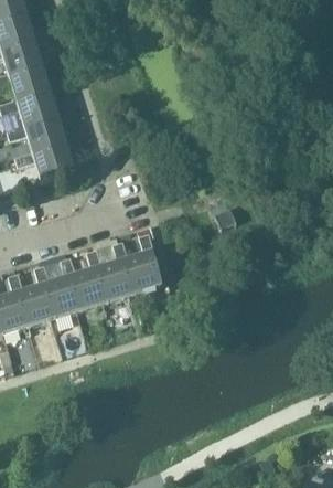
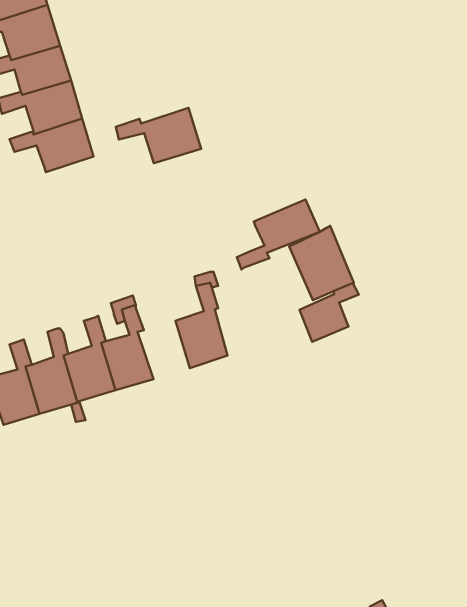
building: [15,145,75,183] -> [116,108,201,163]
building: none -> [237,199,320,270]
building: none -> [300,283,359,342]
building: [97,241,133,300] -> none

